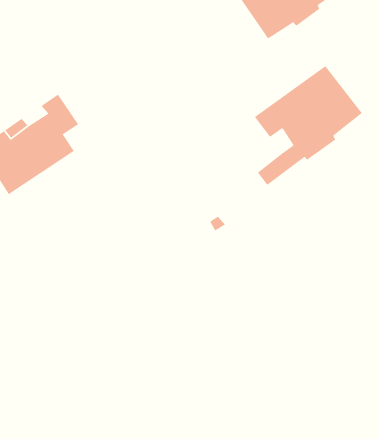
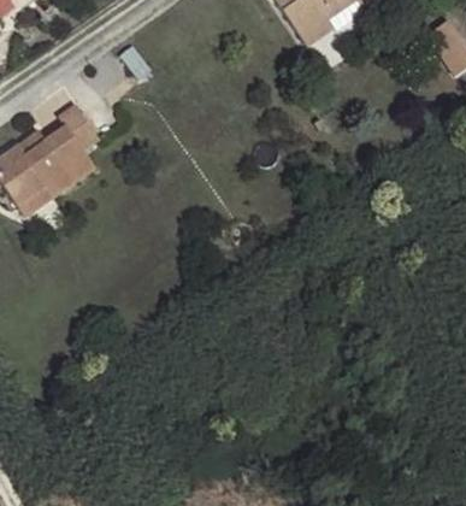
building: [254,65,363,186] -> none

